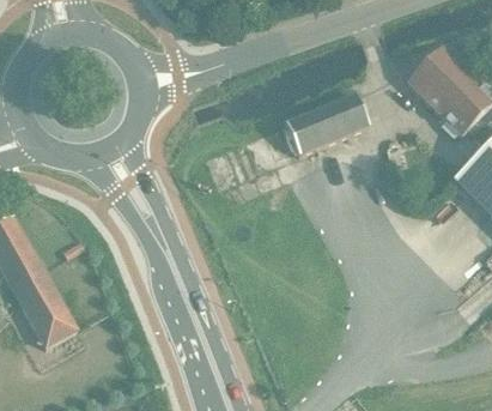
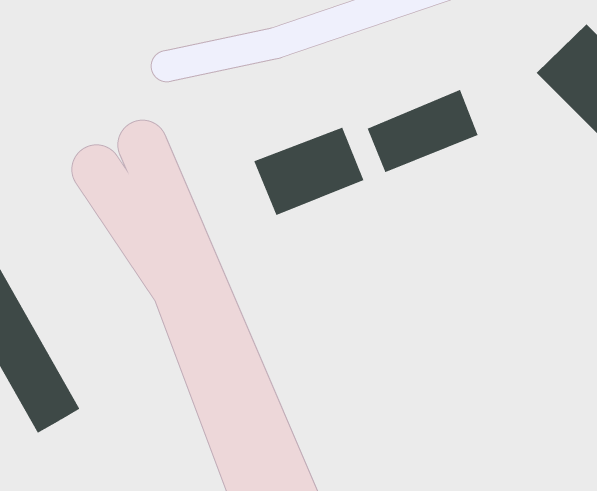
building: none -> [254,127,364,216]

